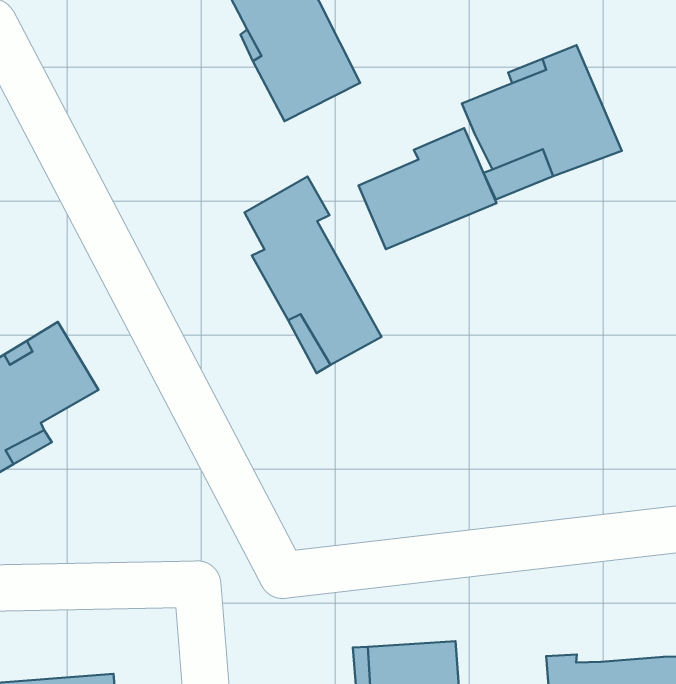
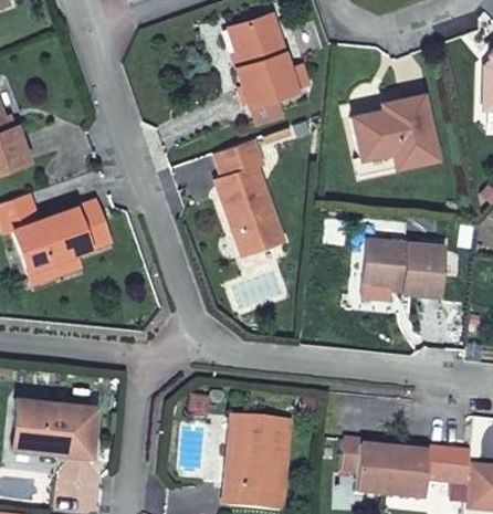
building: [359,128,497,249] -> none
building: none -> [363,238,443,295]

